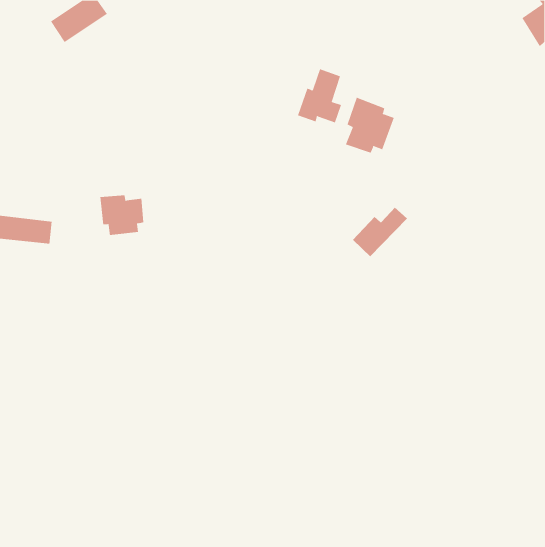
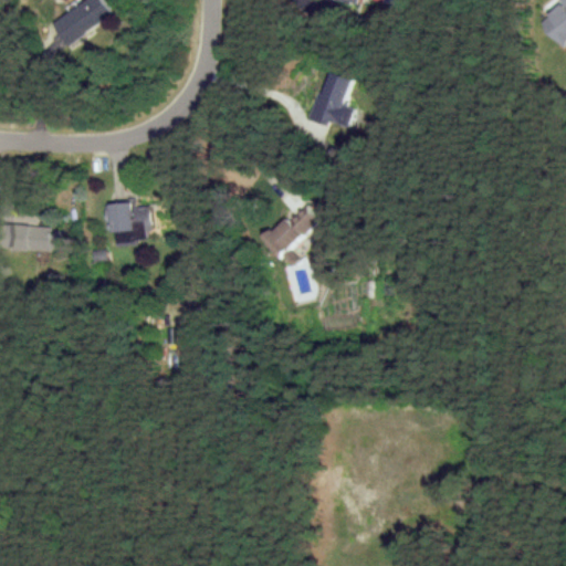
building: [345,97,395,154] -> none
building: [352,207,408,257] -> [260,206,317,258]

